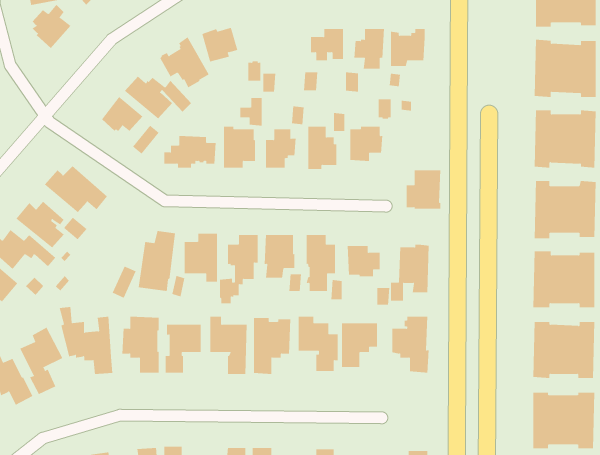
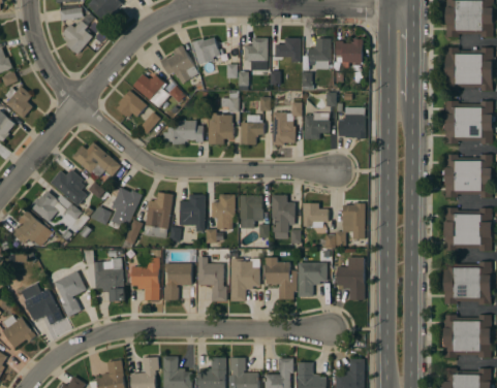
building: none -> [244,37,267,61]
building: [406,170,441,209] -> [338,107,365,137]
building: none -> [95,187,142,225]

